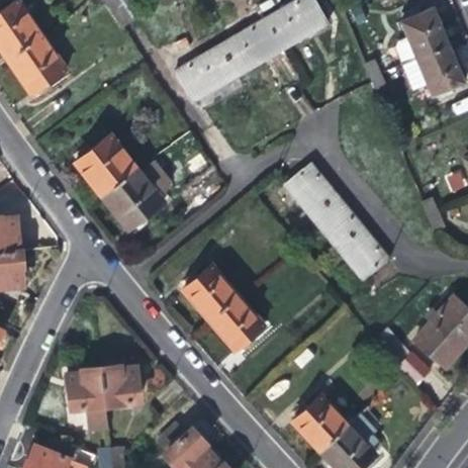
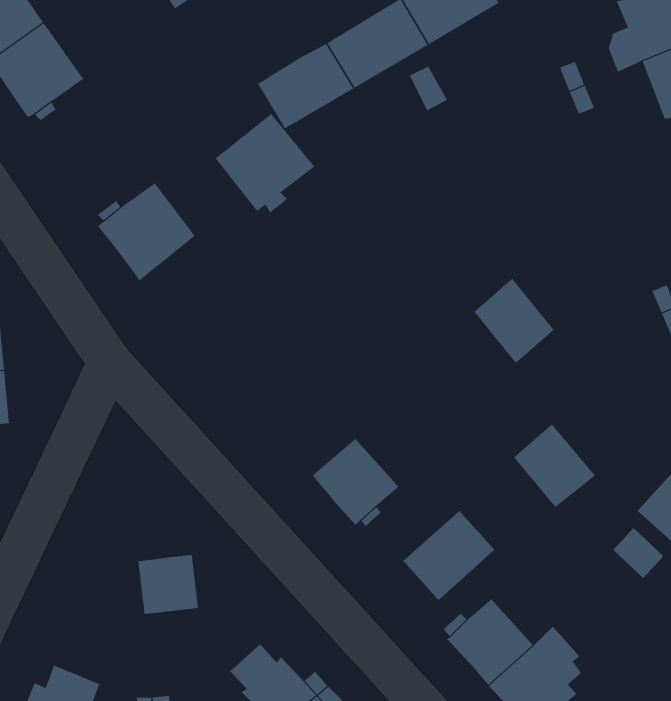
building: [285,164,336,216] -> none
building: [102,169,165,231] -> [215,113,315,213]
building: [338,227,389,280] -> [513,424,596,508]
building: [184,265,238,318] -> none
building: none -> [403,510,495,601]
building: [69,372,107,432] -> none

